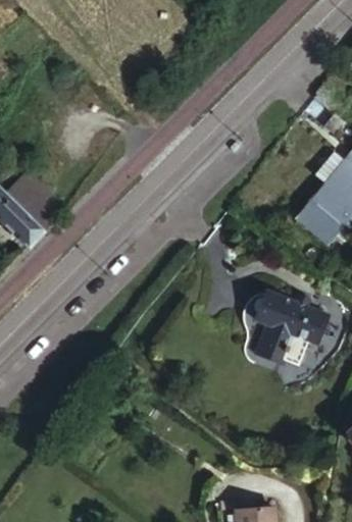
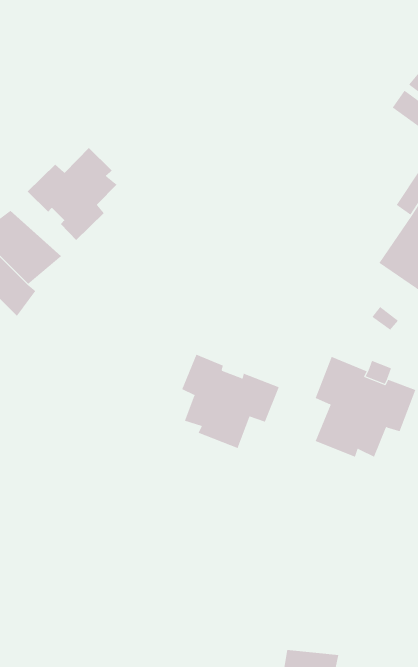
building: none -> [27,147,118,241]
building: none -> [182,354,280,449]

